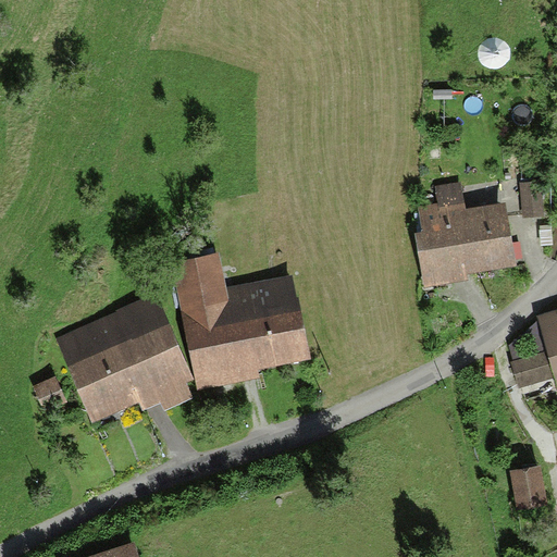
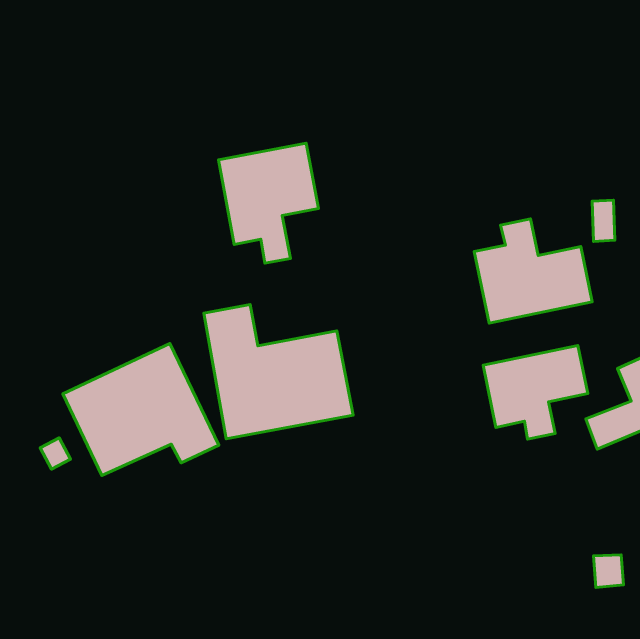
building: none -> [219,143,318,263]
building: none -> [483,346,588,439]

